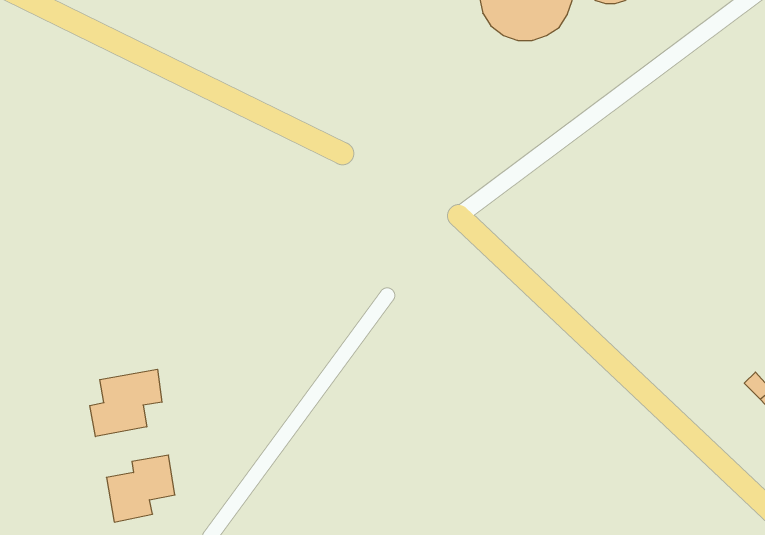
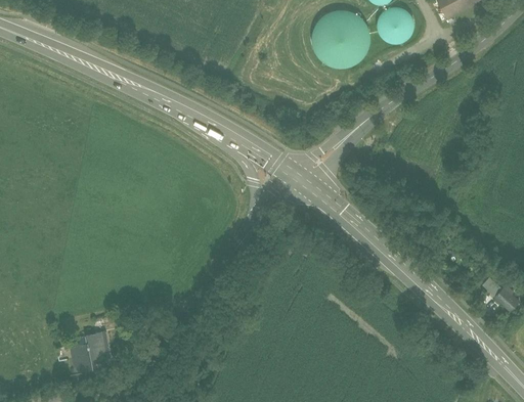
building: [90,369,162,437] -> none

